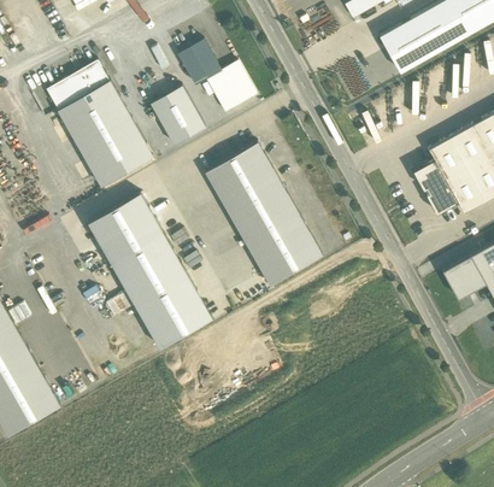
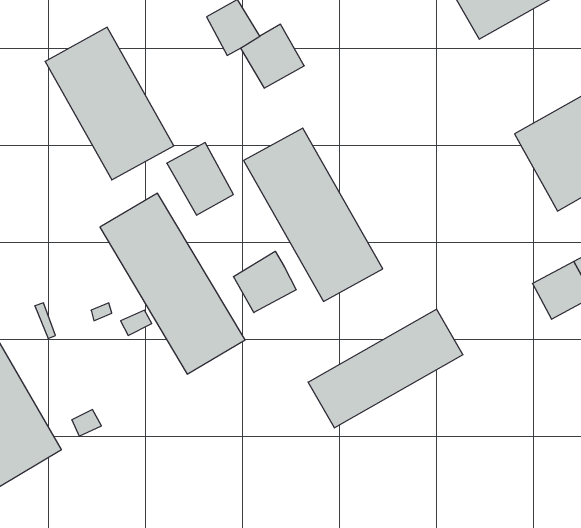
building: [149,86,204,145] -> [167,143,233,215]
building: [413,160,457,213] -> none
building: none -> [233,251,296,313]
building: none -> [308,309,463,428]

